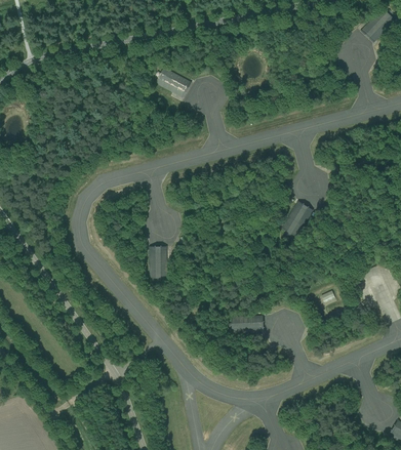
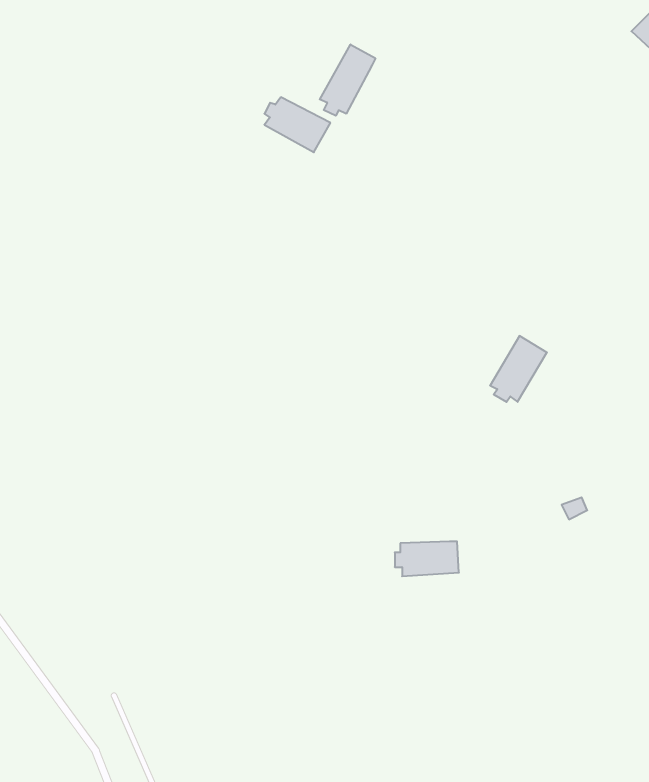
building: none -> [320,44,375,116]
building: [148,246,166,281] -> none

